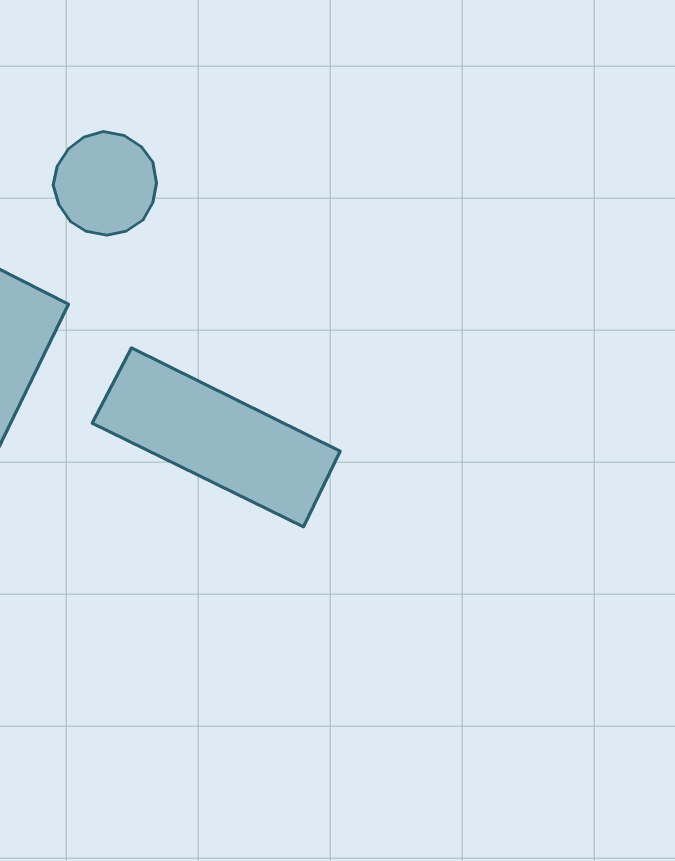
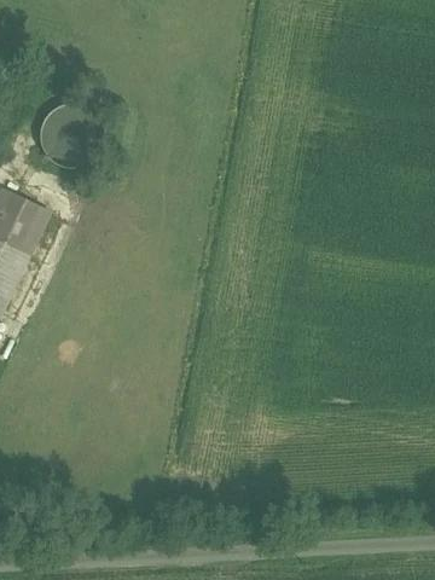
building: [92,348,340,527] -> none

